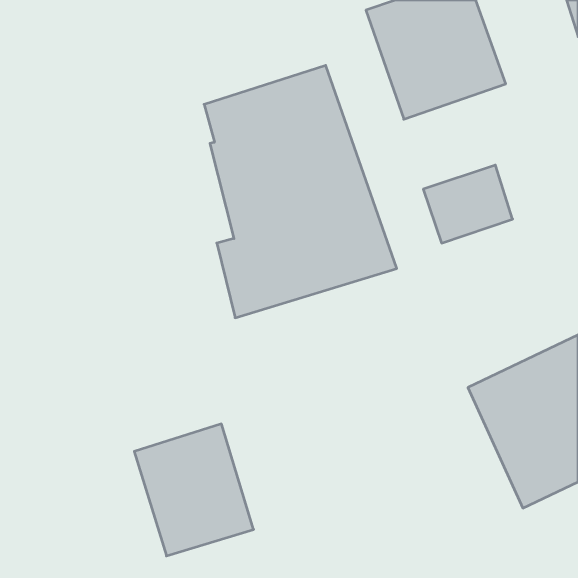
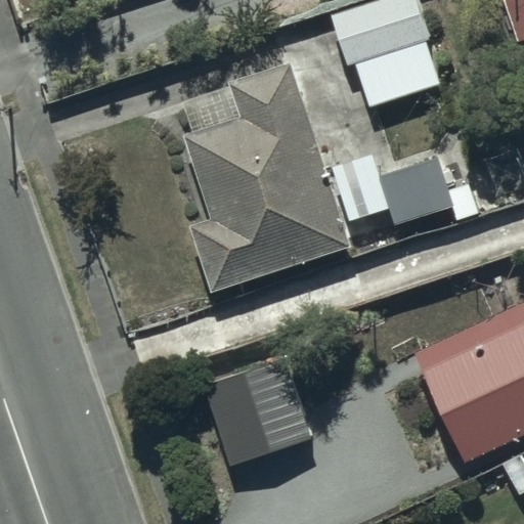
building: [134,424,254,556] -> [201,349,307,467]

